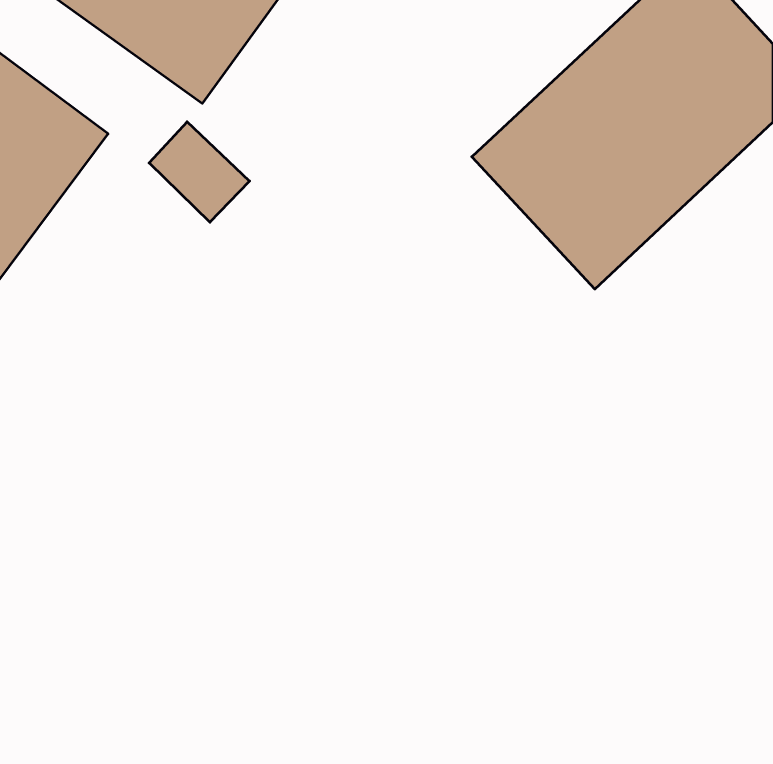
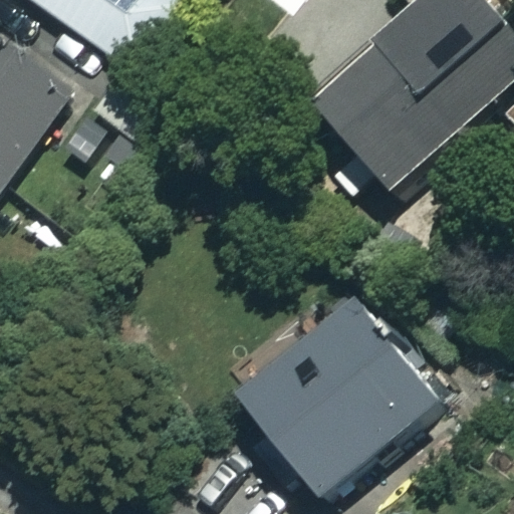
building: none -> [234,300,434,498]

